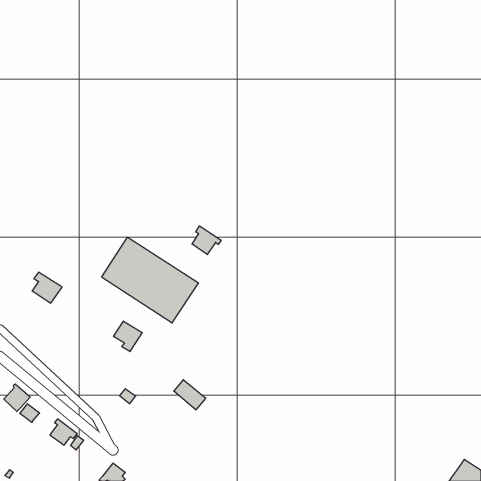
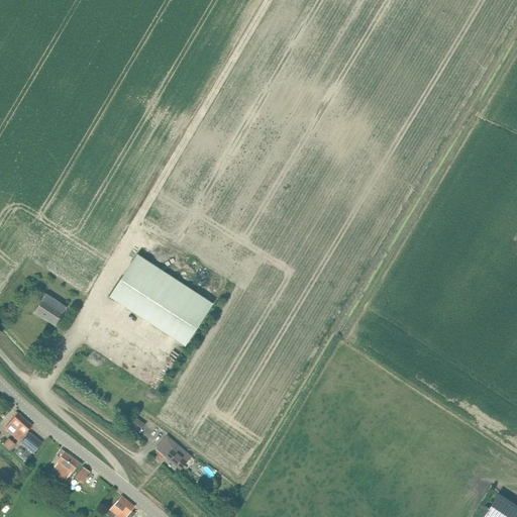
building: [192,226,221,255] -> none
building: [114,321,142,352] -> none
building: [174,380,206,410] -> [157,437,191,470]

